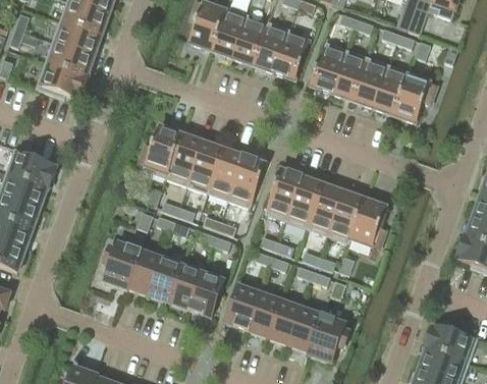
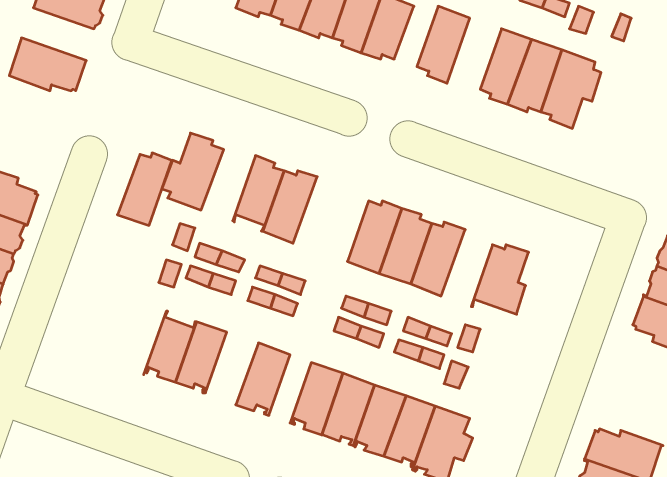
building: [44,42,93,77] -> none
building: [331,49,368,98] -> none
building: [165,136,202,185] -> [117,153,172,225]
building: [227,156,264,208] -> none
building: [327,191,362,243] -> none
building: [103,238,142,289] -> none
building: [168,261,204,310] -> none

